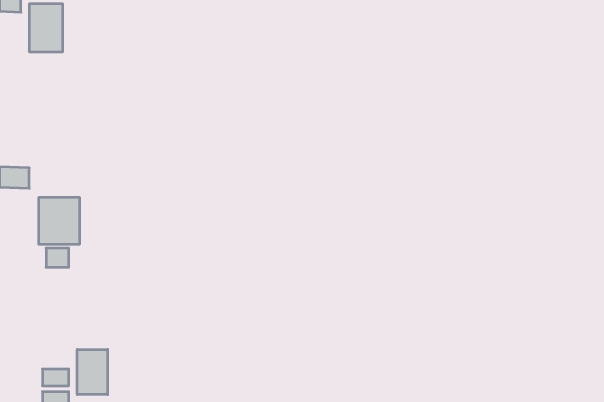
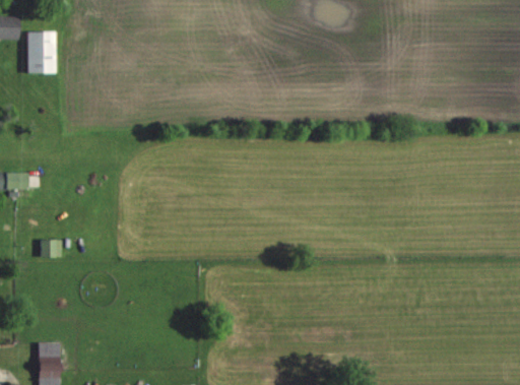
building: [39,197,79,244] -> none
building: [77,349,108,395] -> none

